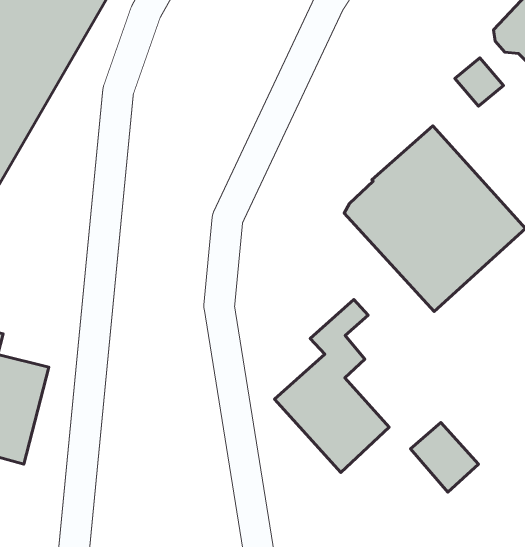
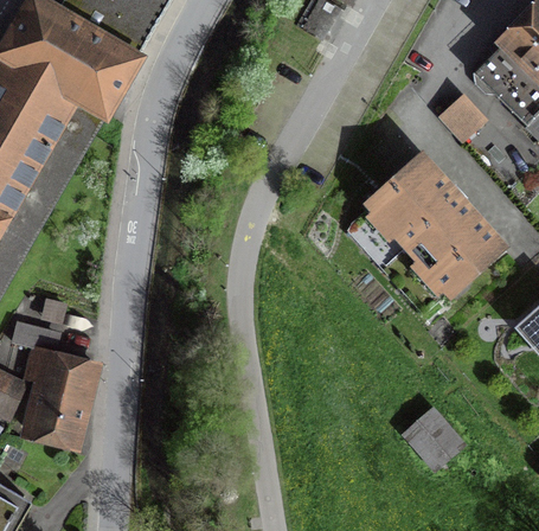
building: [274,299,389,472] -> none

